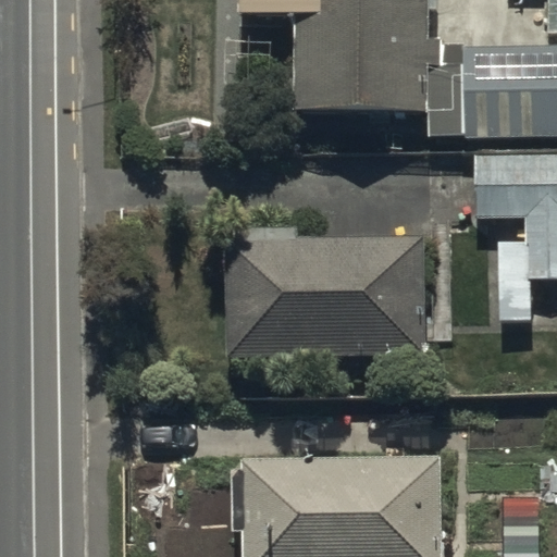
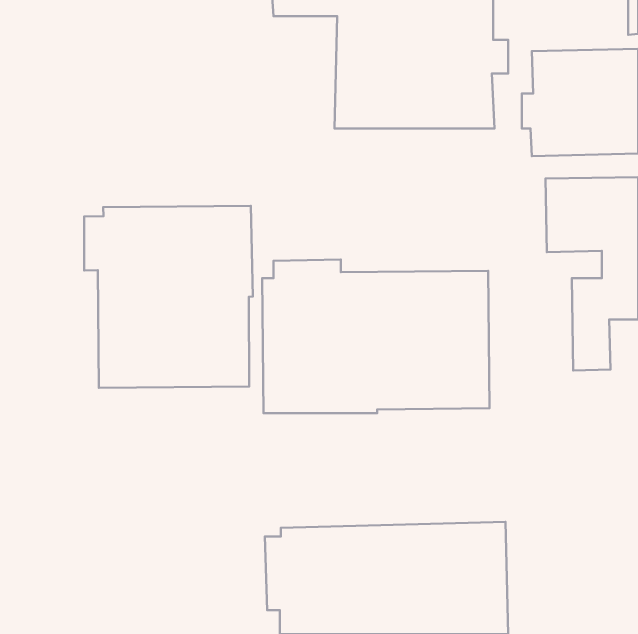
building: none -> [84,206,253,388]

